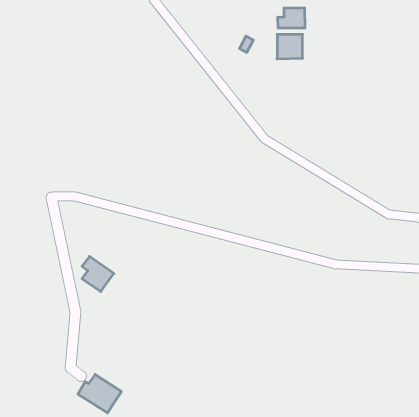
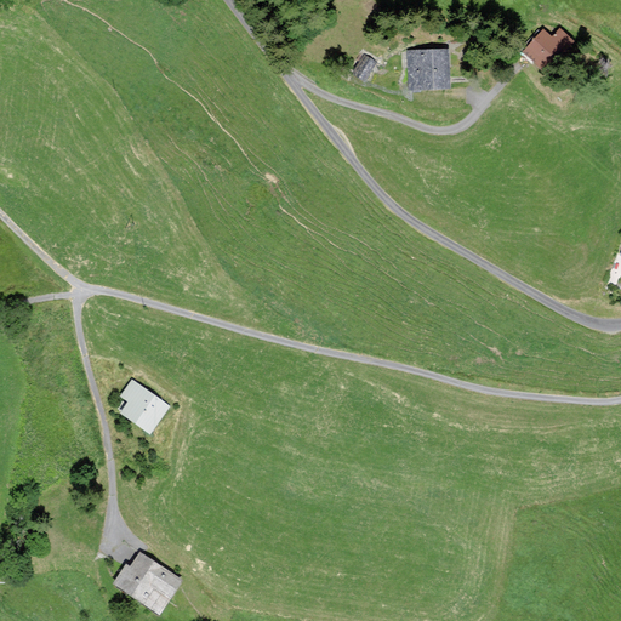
building: [278,8,305,28] -> none
building: none -> [524,29,571,69]

